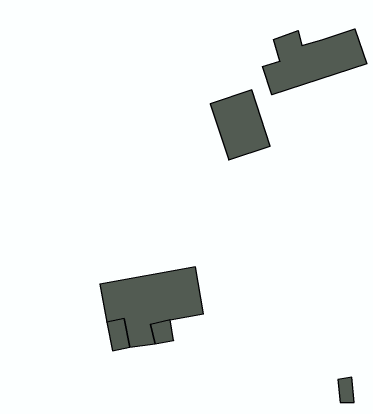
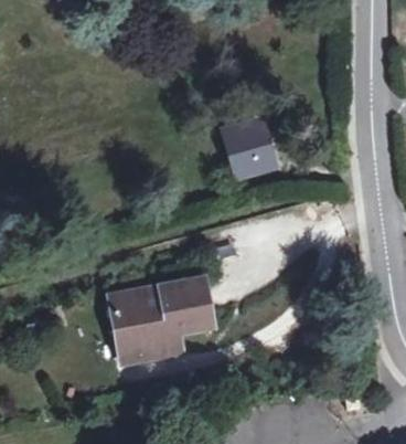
building: [262,29,367,95] -> none

